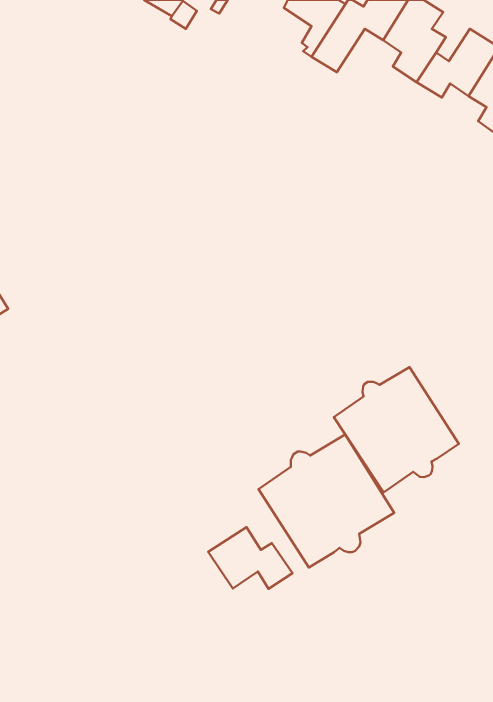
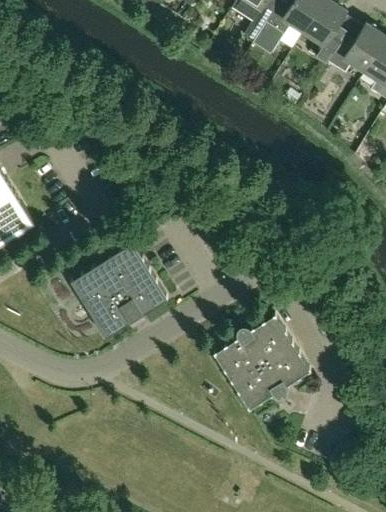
building: none -> [70,242,168,338]
building: [334,367,459,492] -> none
building: [208,527,292,589] -> none

